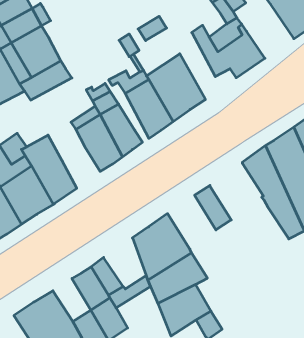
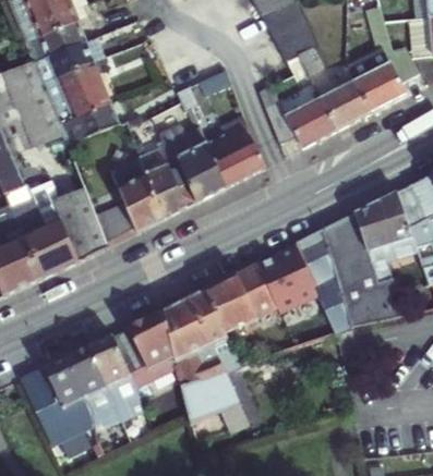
building: none -> [320,72,371,131]
building: none -> [96,203,136,247]
building: none -> [256,244,314,305]
building: none -> [205,272,257,331]
building: none -> [128,310,172,366]
building: none -> [67,346,106,394]

